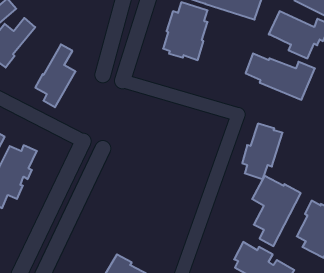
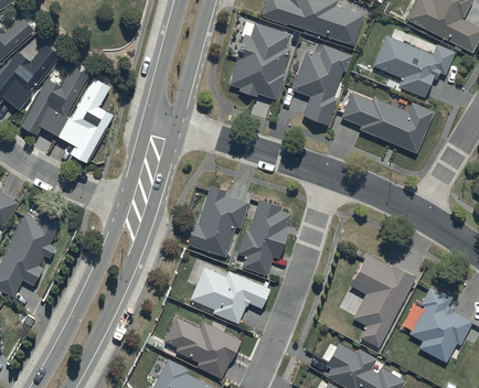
building: none -> [291,45,352,127]
building: none -> [21,67,88,137]
building: [242,124,283,179] -> [238,202,292,276]
building: none -> [187,187,247,257]
building: none -> [190,269,269,324]
building: none -> [164,317,241,379]

